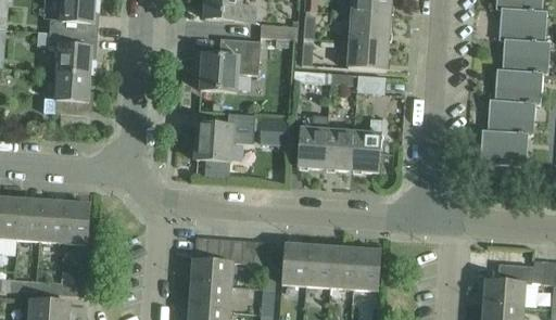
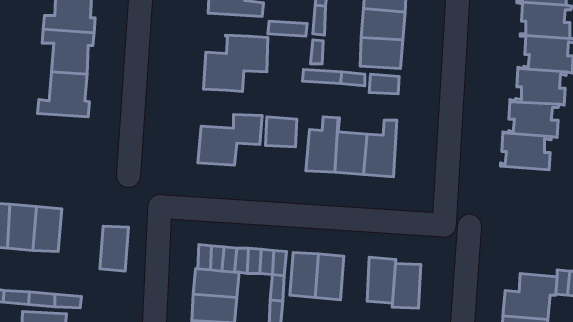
building: [63,202,90,244] -> [100,226,129,271]
building: [329,246,356,289] -> [392,263,421,308]

